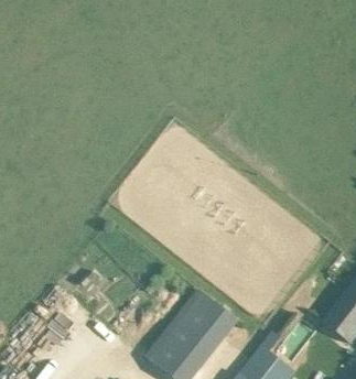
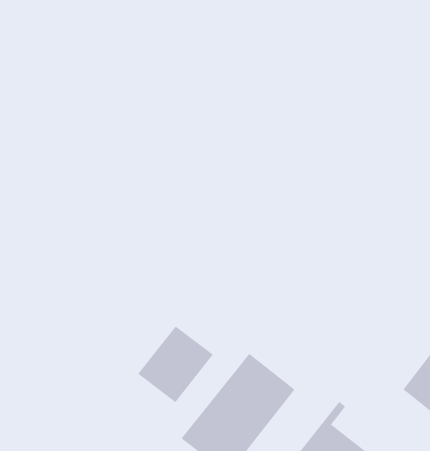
building: none -> [137,325,214,403]

